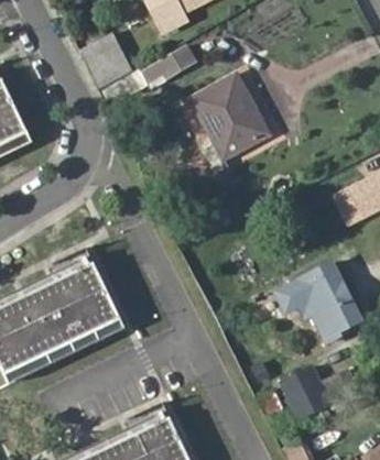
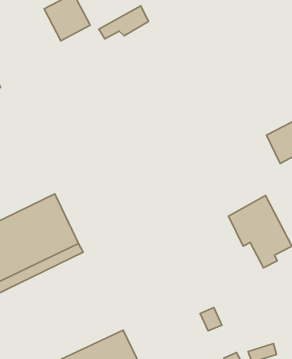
building: [191,77,268,160] -> none
building: [281,369,332,421] -> none

